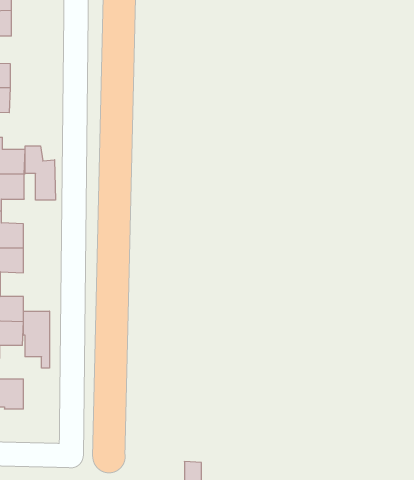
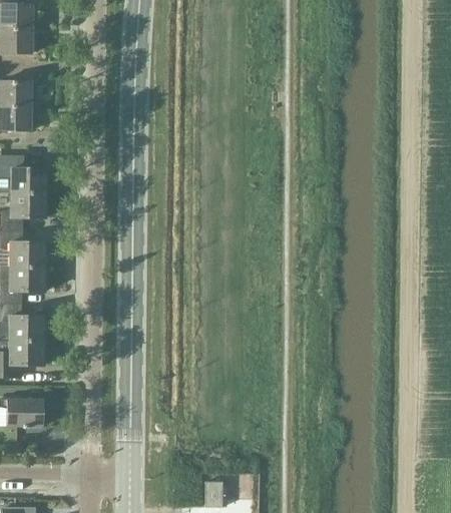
building: [25,146,55,200] -> none
building: [23,311,49,368] -> none

